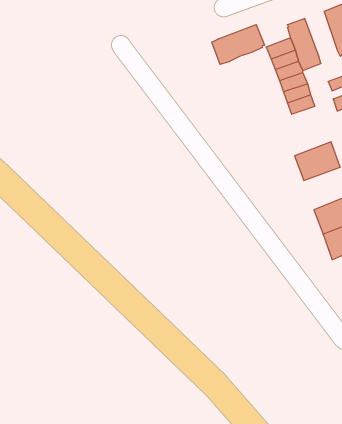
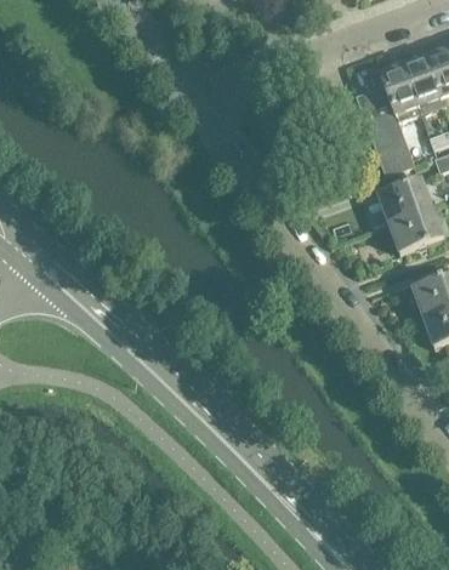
building: none -> [402,52,441,106]
building: [212,25,264,64] -> none
building: none -> [379,178,433,224]

